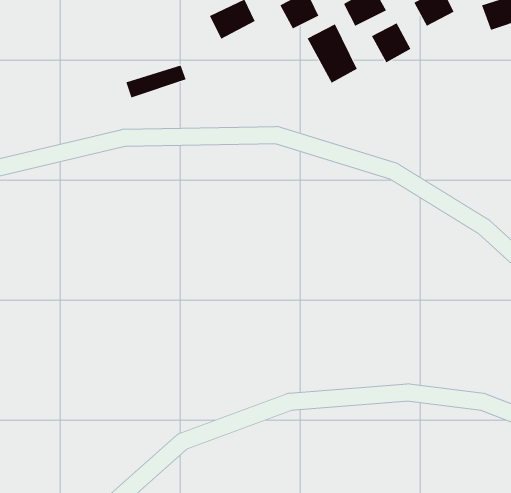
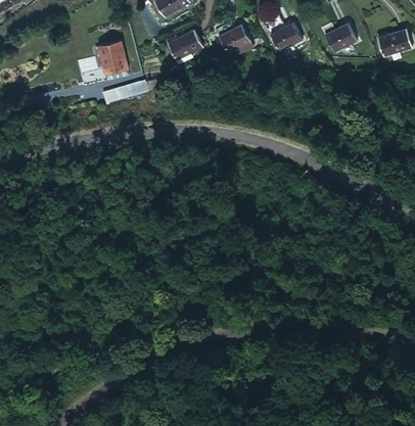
building: none -> [99,43,130,83]
building: [371,22,411,63] -> none
building: [307,23,358,84] -> none

